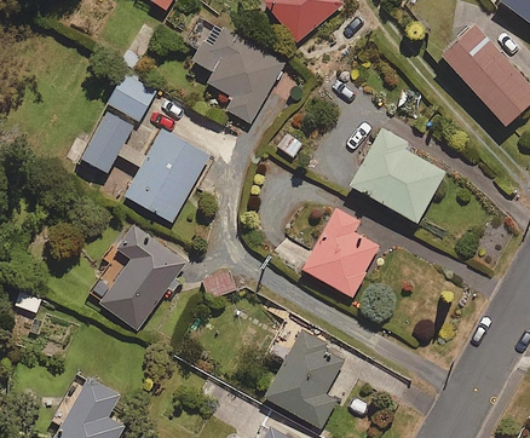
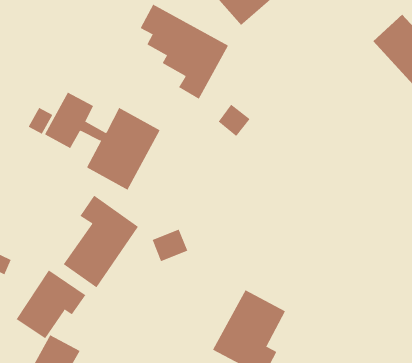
building: [110,74,155,120] -> none
building: [351,129,445,224] -> none
building: [303,207,379,295] -> none
building: none -> [16,270,86,339]

